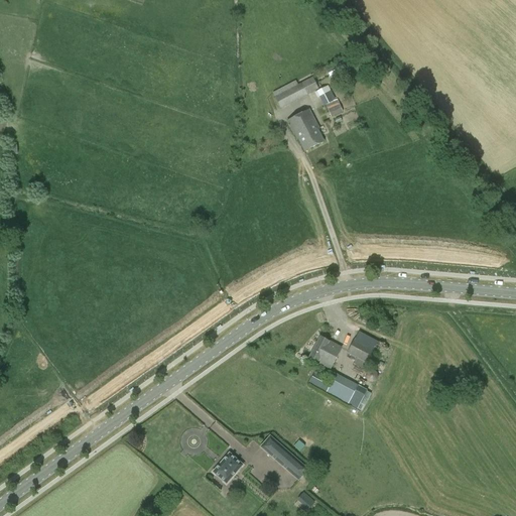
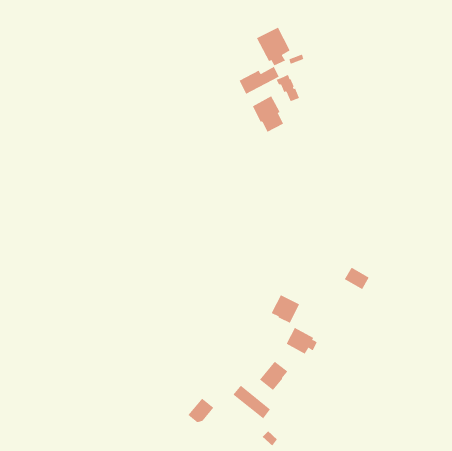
building: none -> [256,27,291,66]
building: [347,338,376,364] -> [344,267,370,290]
building: none -> [259,361,288,391]

